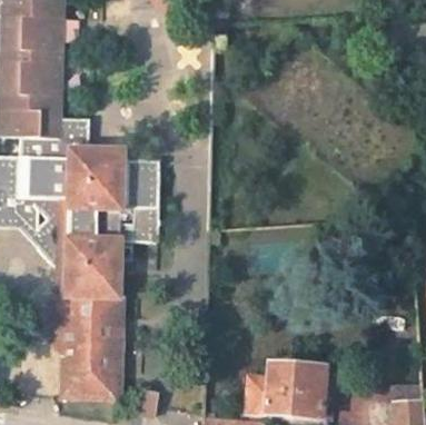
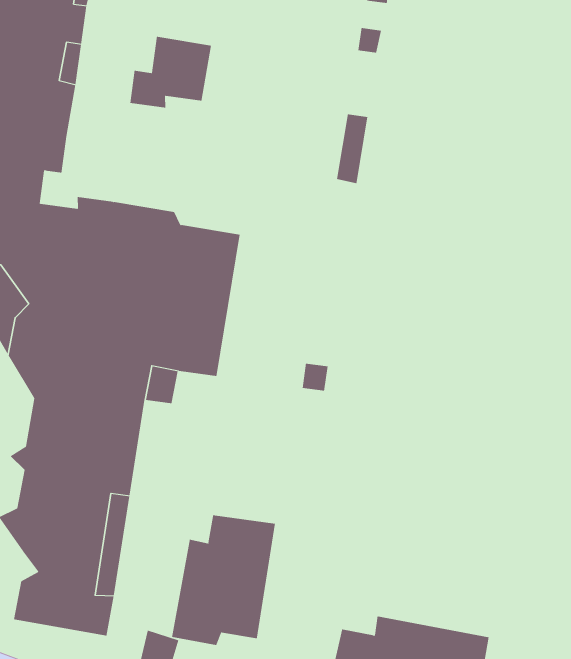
building: [47,118,89,158] -> [129,36,212,108]
building: none -> [172,514,275,646]

